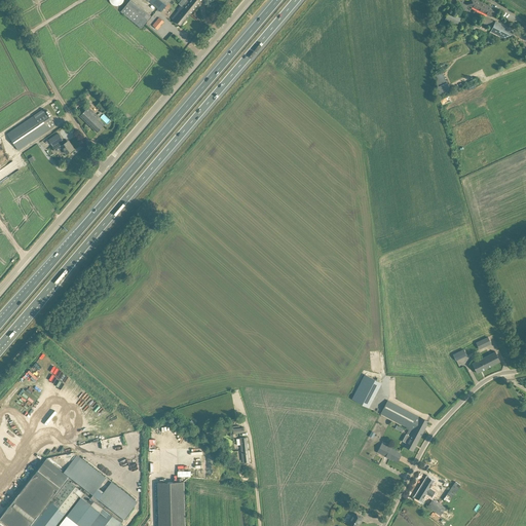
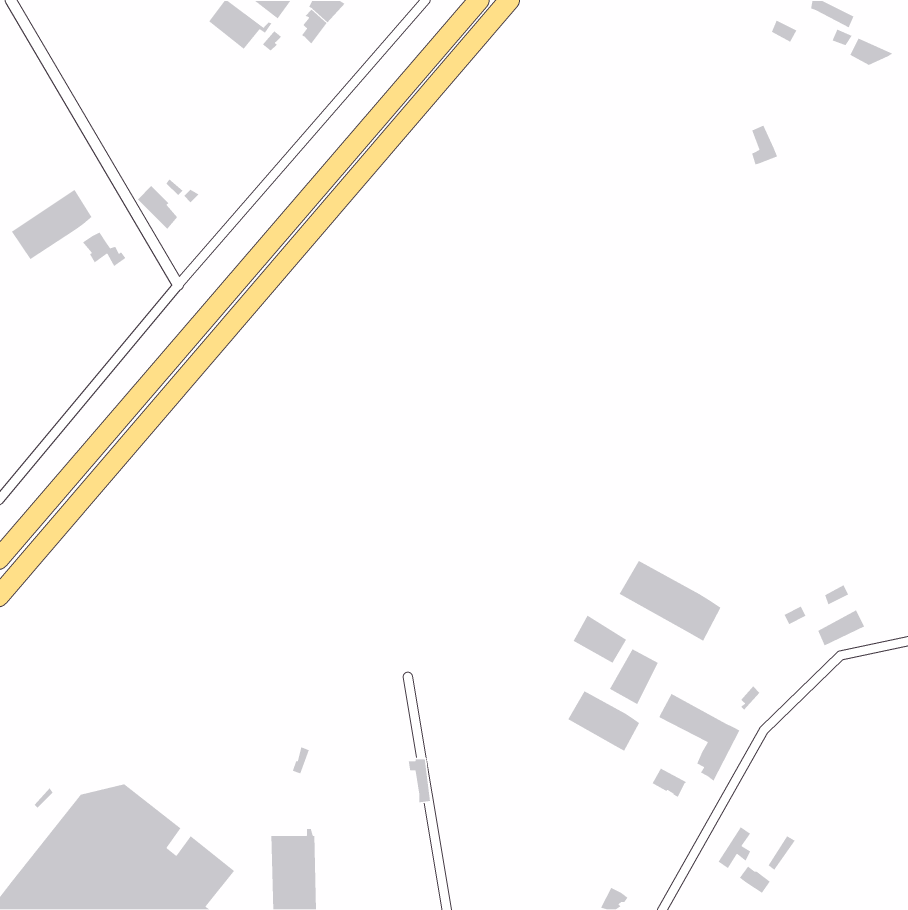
building: none -> [619,560,721,642]
building: none -> [572,614,627,664]
building: none -> [567,690,640,752]

